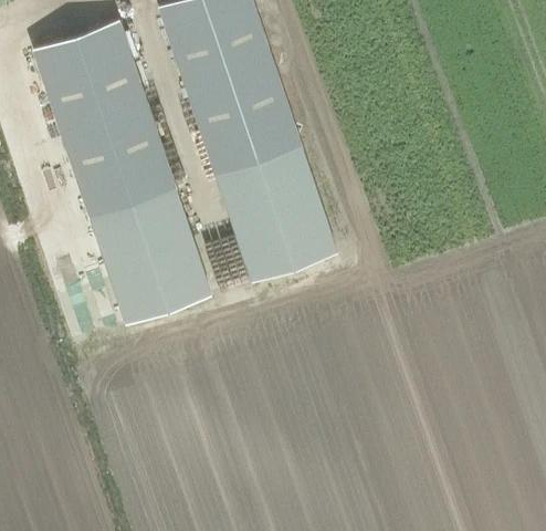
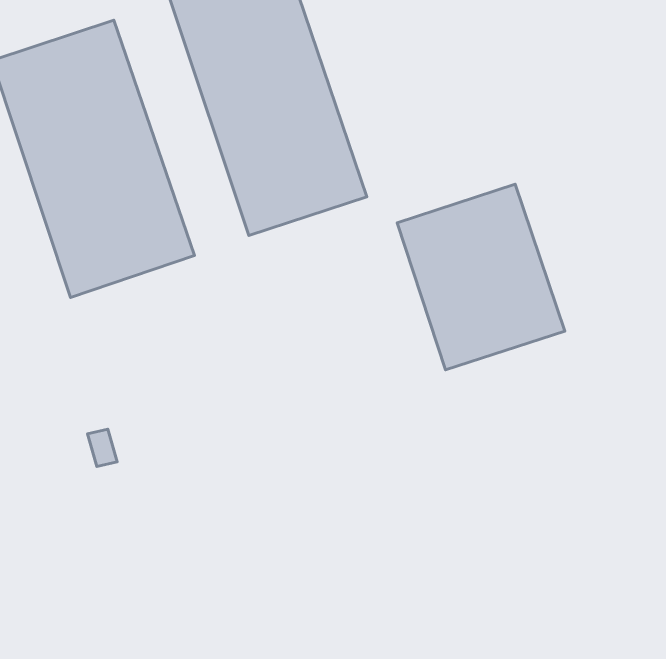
building: [217,147,336,280] -> [397,184,565,370]
building: [90,189,213,324] -> none

